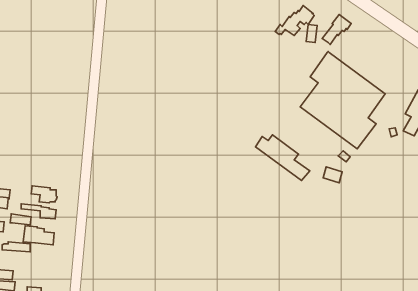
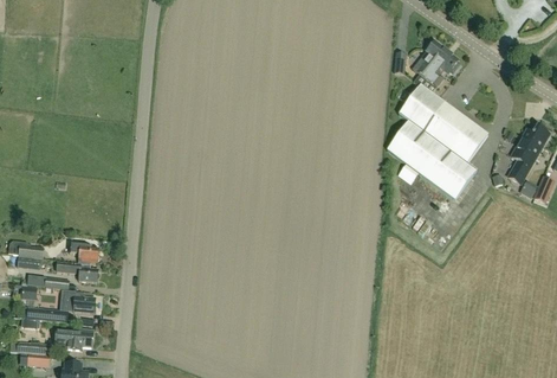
building: [275,6,314,36] -> [414,51,460,87]
building: [255,135,310,181] -> none
building: none -> [54,327,93,350]

